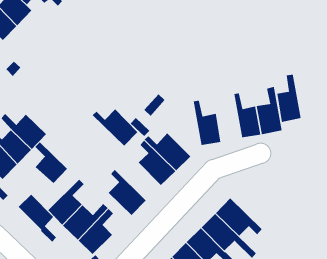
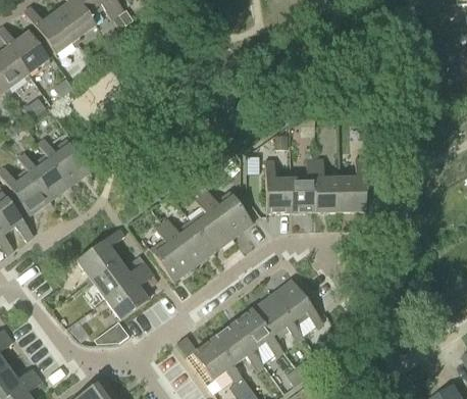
building: [276,74,301,122] -> [291,158,315,212]
building: [92,109,138,147] -> [161,219,212,266]
building: [35,141,68,184] -> none
building: [18,194,57,242] -> none

